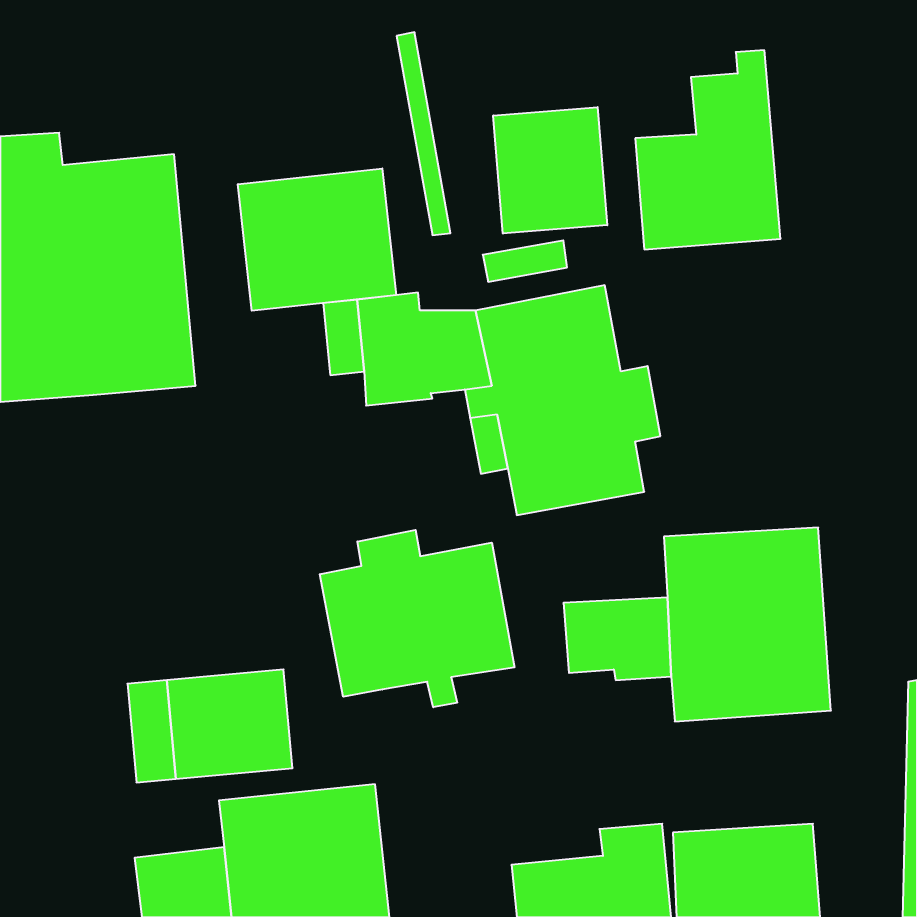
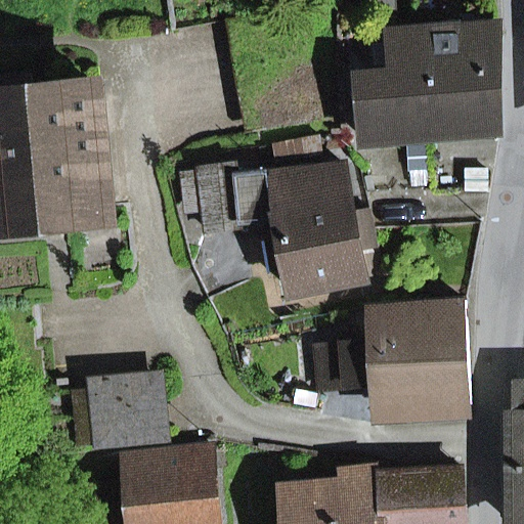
building: none -> [436,27,499,136]
building: [493,107,607,234] -> none
building: [238,168,396,311] -> none
building: [320,530,514,707] -> none

